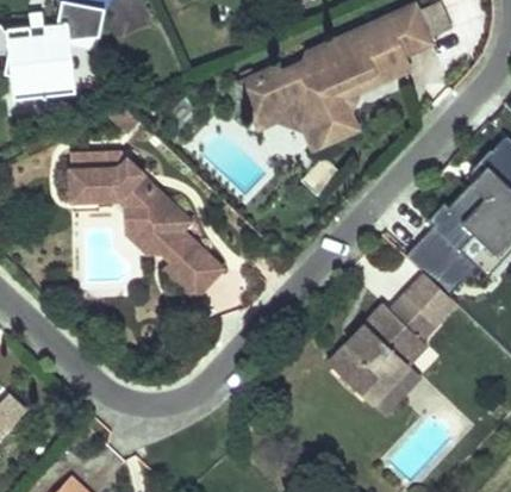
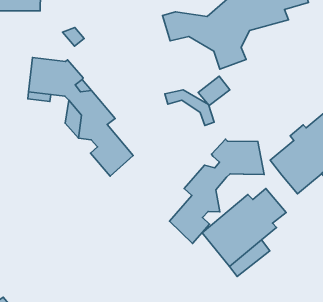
building: [254,104,324,148] -> [165,90,214,125]
building: none -> [170,139,264,243]
building: [404,273,454,322] -> none

